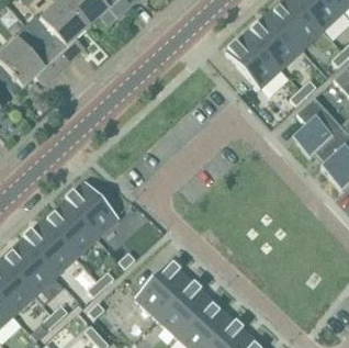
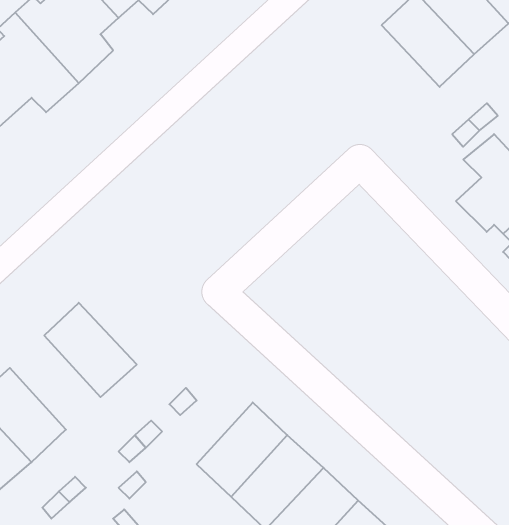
building: [226,32,282,89] -> none
building: [64,180,120,237] -> none
building: [22,220,77,277] -> none

